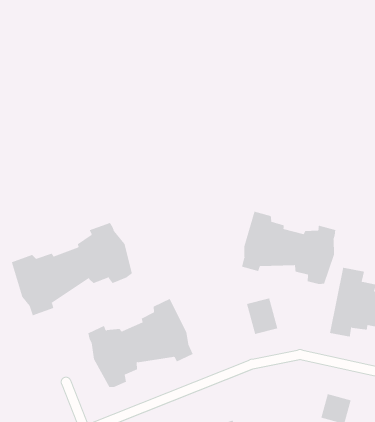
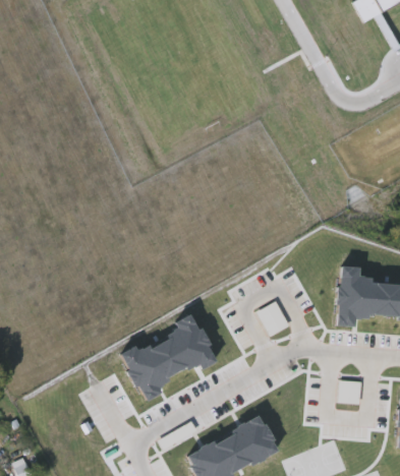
building: [241,211,336,285] -> none
building: [11,222,132,316] -> none

